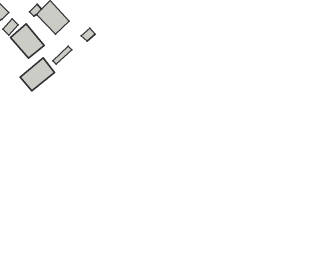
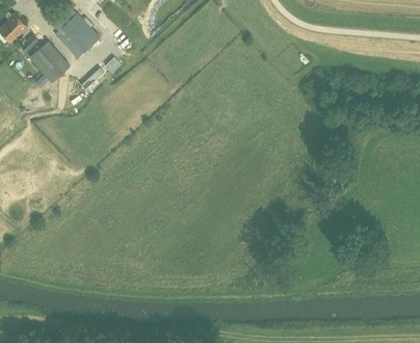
building: [20,58,55,91] -> none

